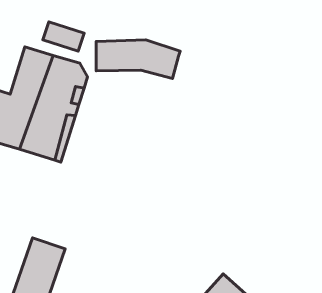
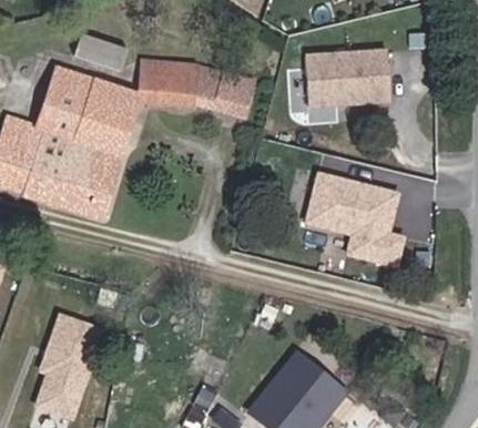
building: none -> [303,45,398,109]
building: none -> [305,172,406,266]

